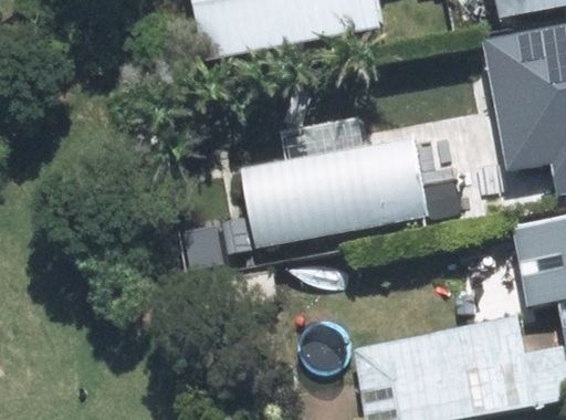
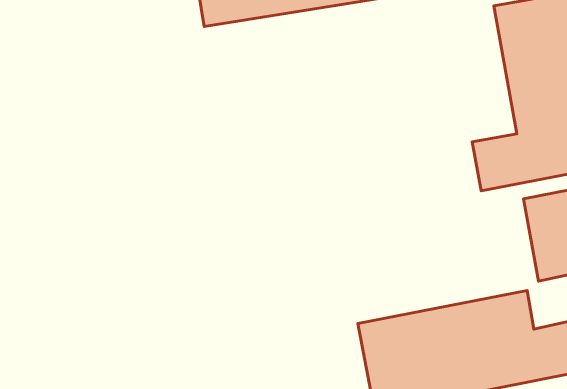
building: [243,135,430,244] -> none

